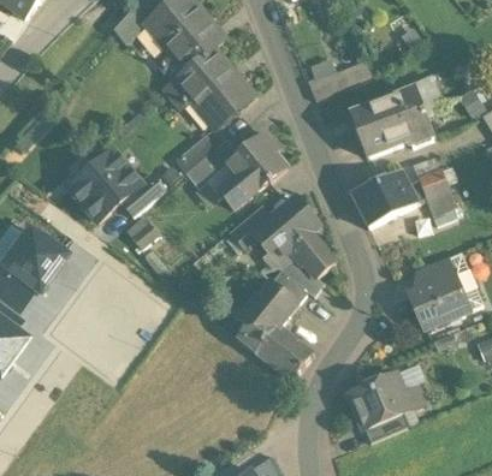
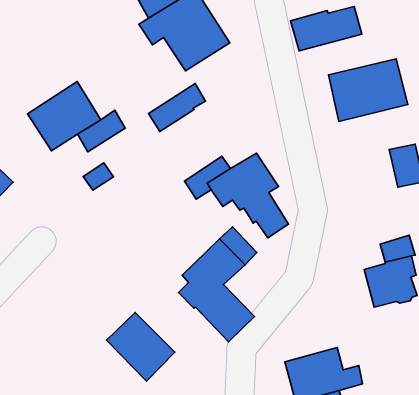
building: [218,130,284,208] -> none
building: [350,174,416,225] -> none
building: [279,257,321,296] -> none
building: none -> [106,312,175,381]

